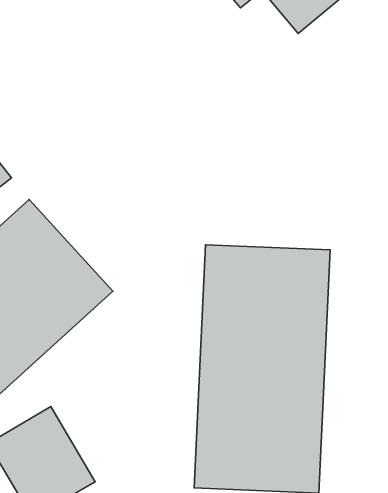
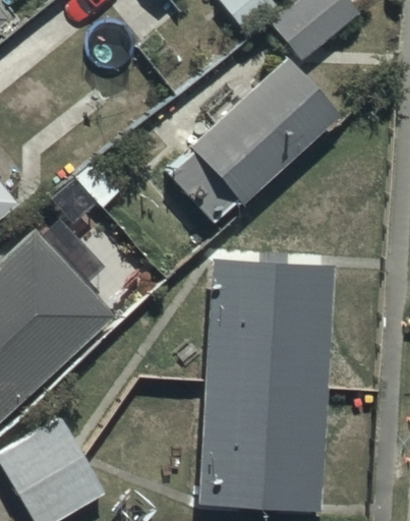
building: none -> [167,51,343,221]

